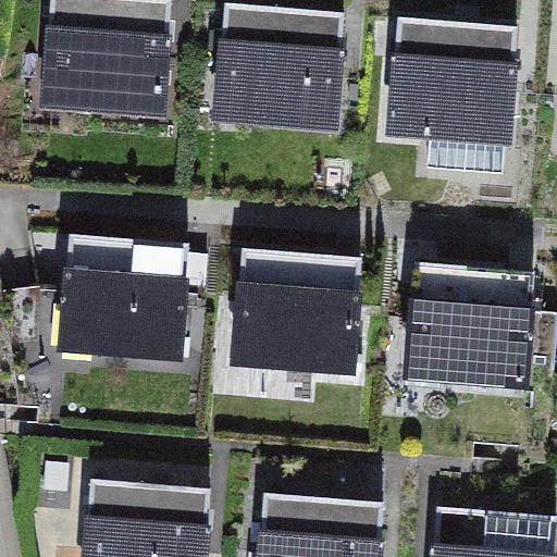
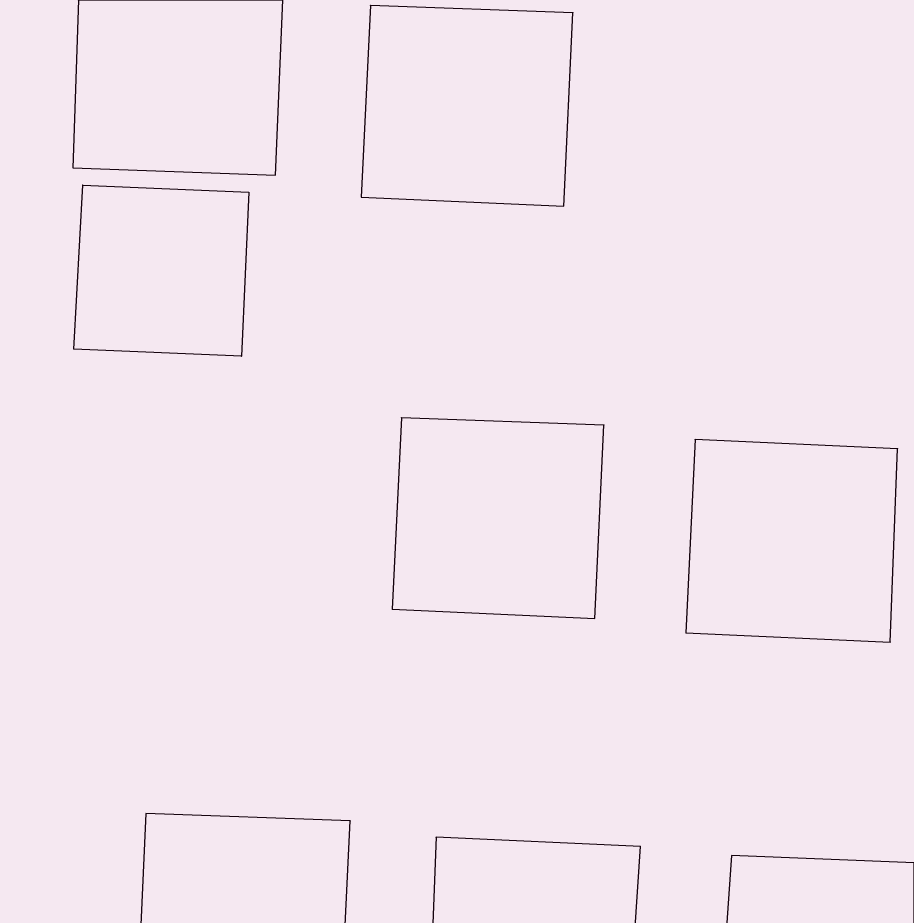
building: [388,14,513,134] -> none
building: none -> [74,185,249,356]
building: [61,237,187,357] -> none

